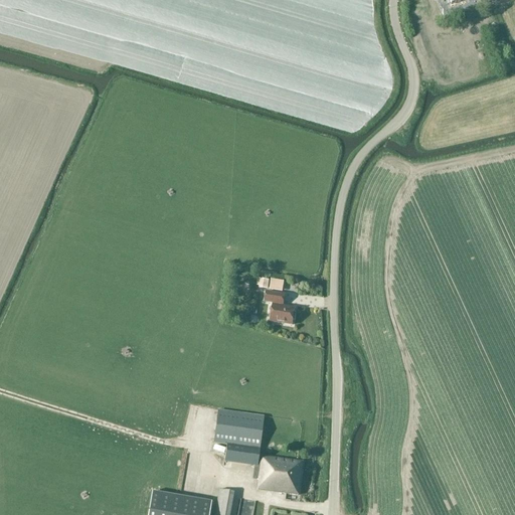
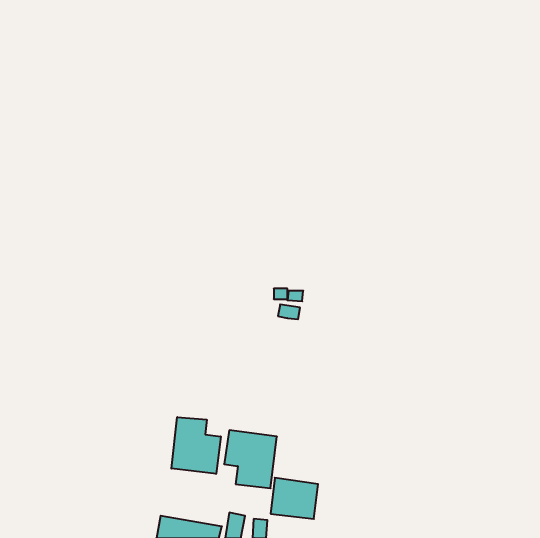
building: [270,303,296,324] -> none
building: none -> [171,417,221,474]

